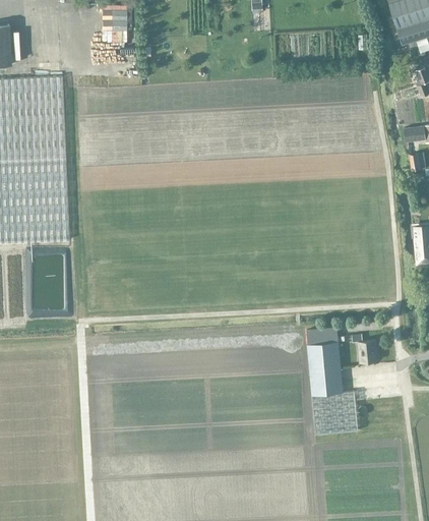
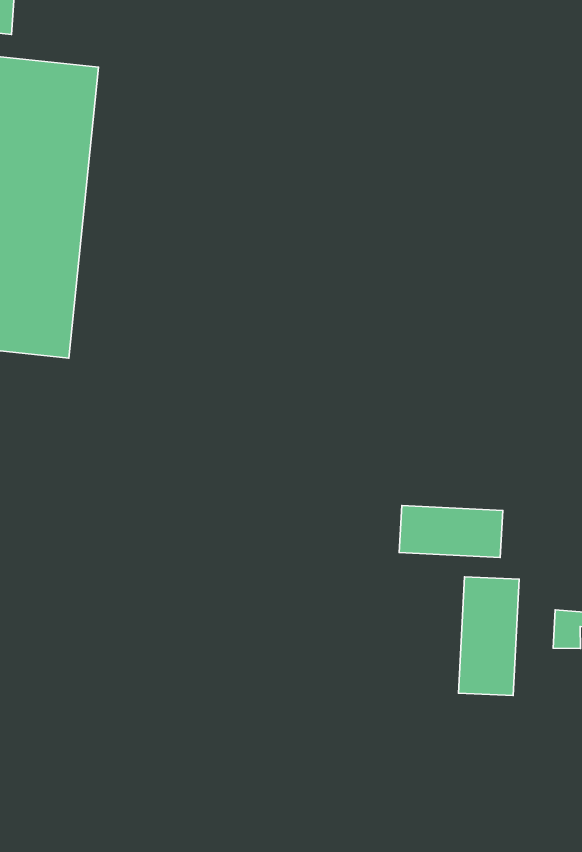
building: none -> [399,505,503,557]
building: [312,391,358,435] -> none

